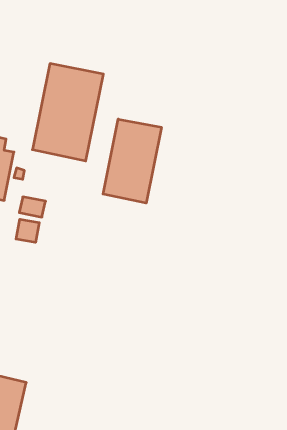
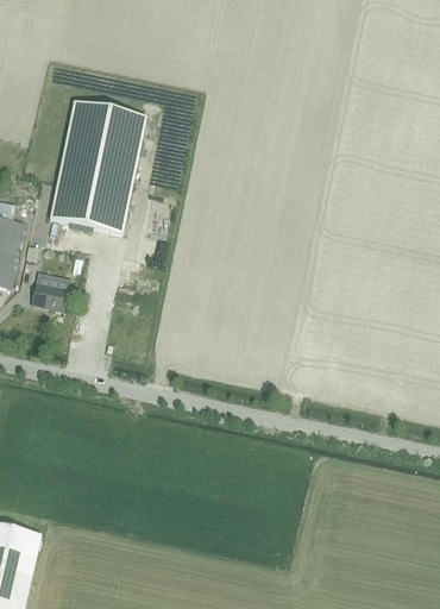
building: [103,119,161,203] -> none
building: [16,219,39,242] -> none

